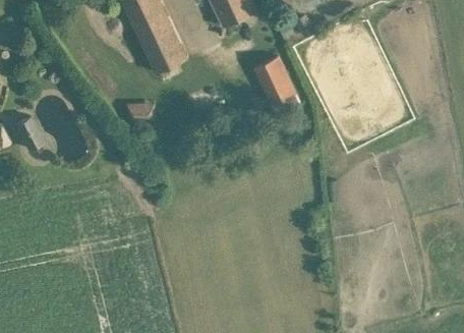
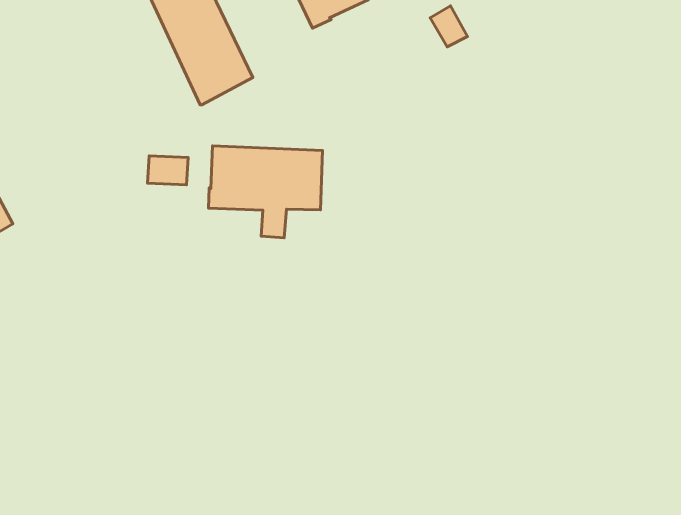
building: [254,58,297,107] -> none
building: none -> [209,146,323,238]

